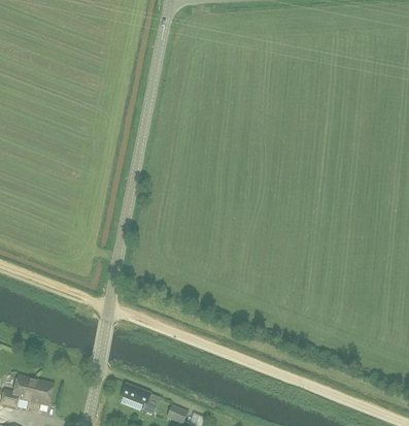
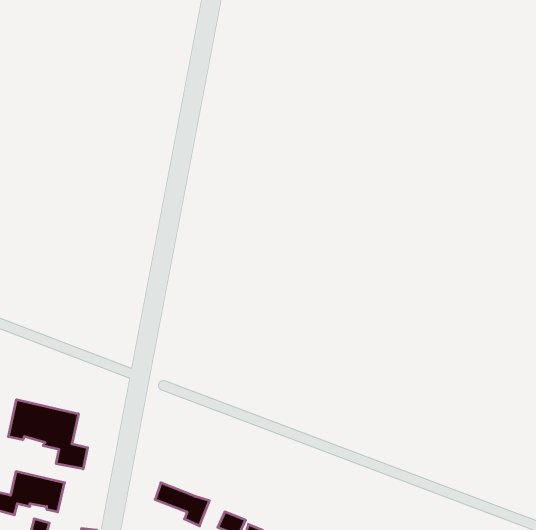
building: none -> [8,400,88,469]

